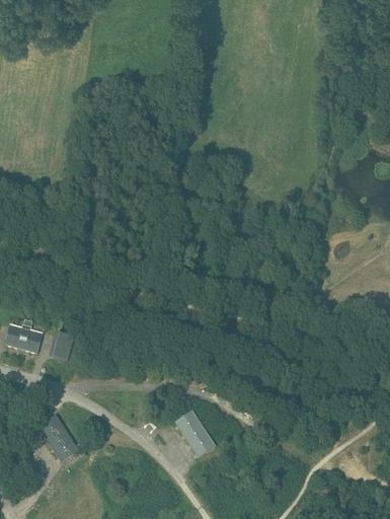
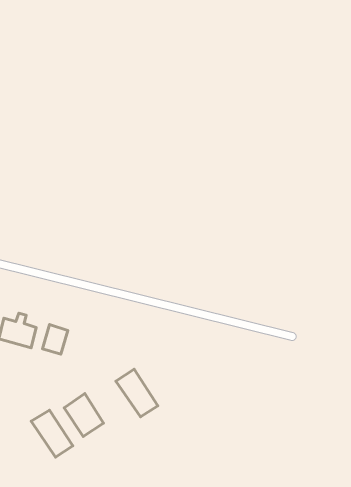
building: none -> [64,393,103,437]
building: [174,411,216,458] -> [116,369,158,417]

